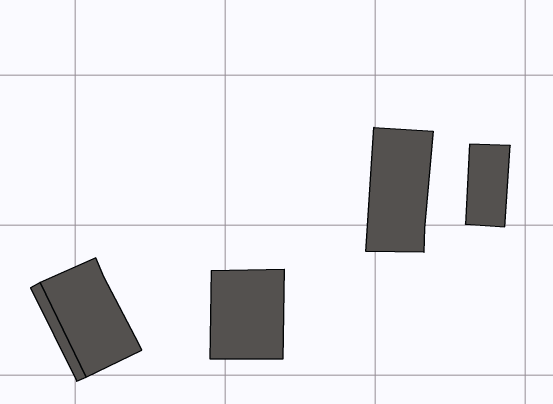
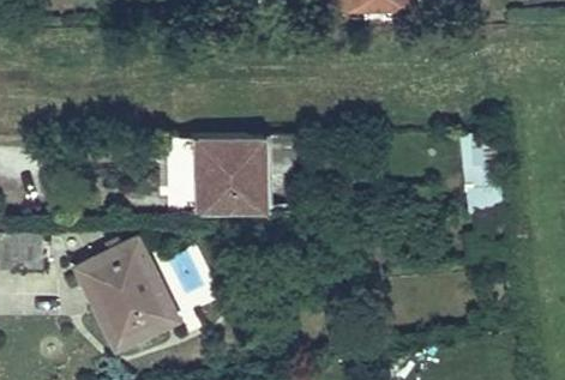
building: [366,127,433,252] -> none
building: [210,269,284,359] -> [194,134,260,213]

